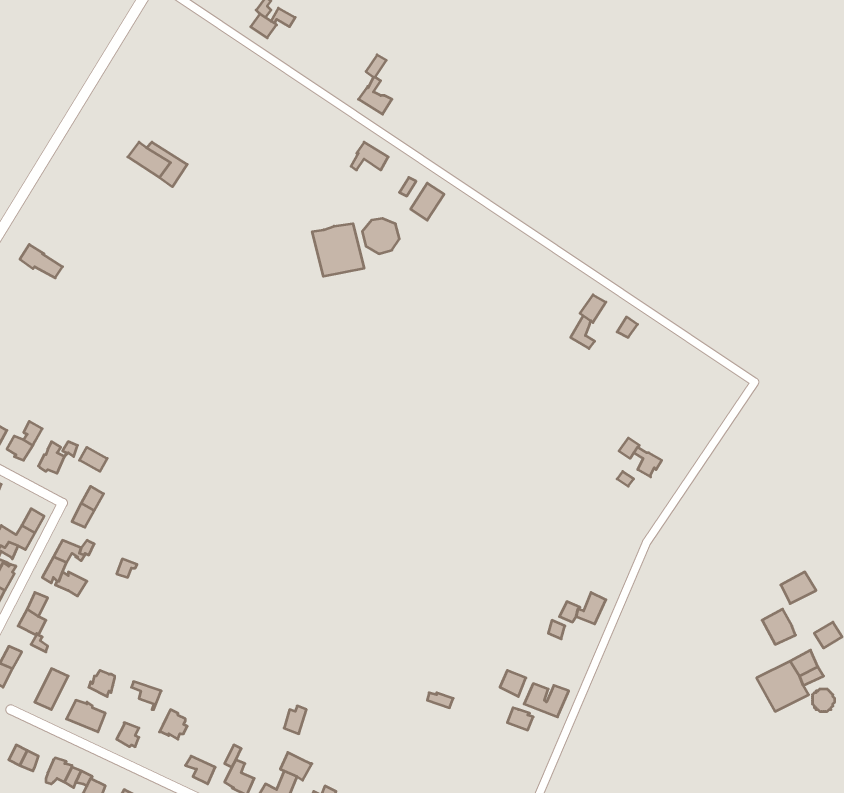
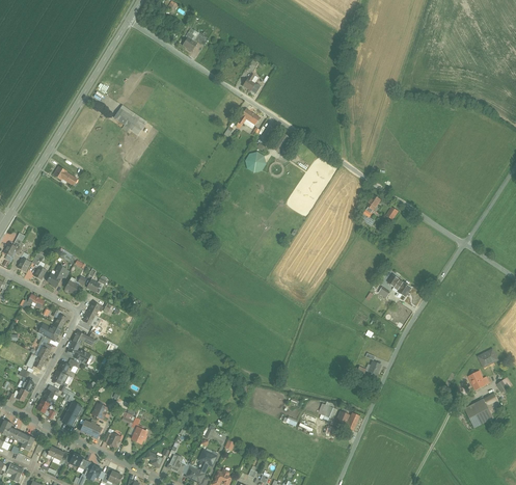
building: [312,224,364,276] -> none

